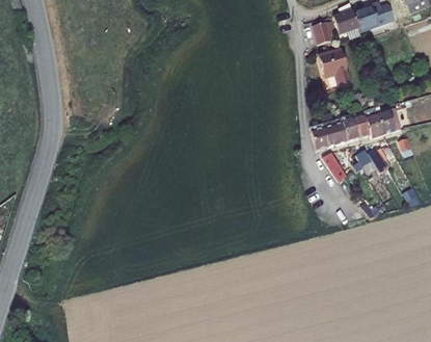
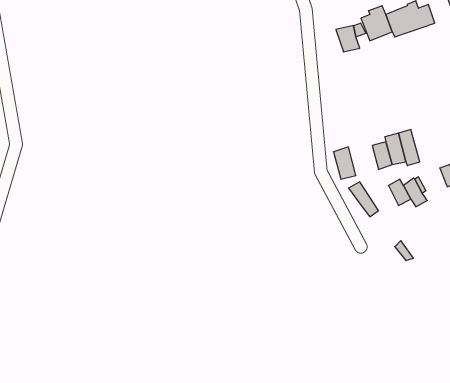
building: [318,48,350,85] -> none
building: [374,107,401,135] -> none
building: [322,117,347,147] -> none

